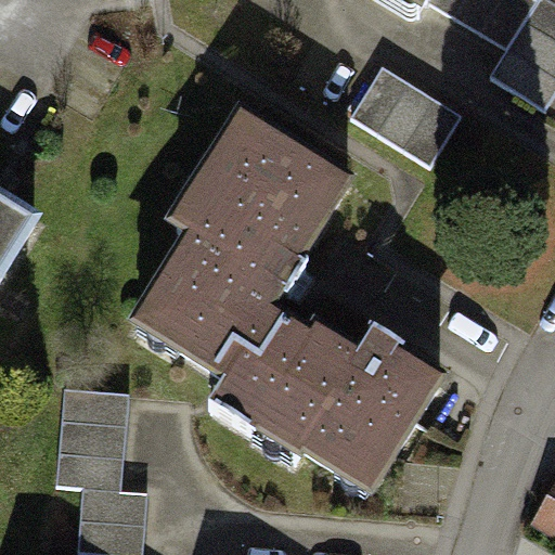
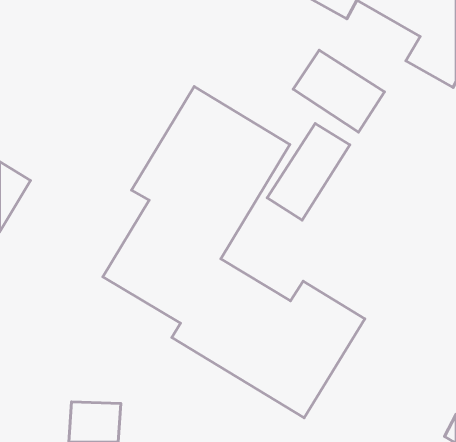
building: none -> [267,123,350,220]
building: [63,390,125,483] -> none

